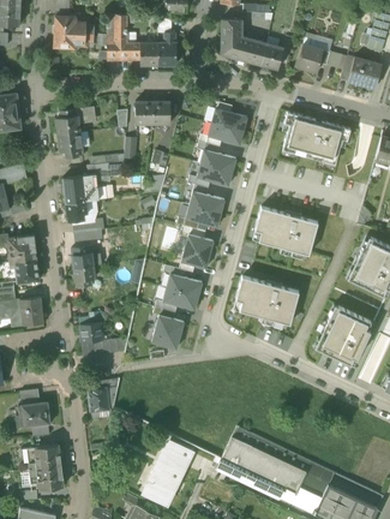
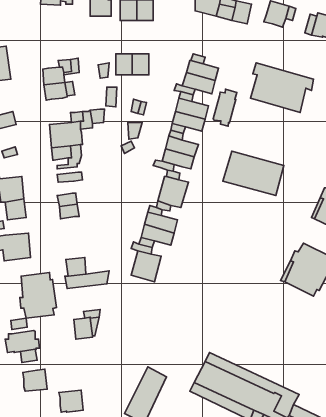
building: none -> [213,89,237,126]
building: [236,276,299,323] -> none
building: none -> [20,272,56,318]
building: [37,465,64,489] -> [59,390,83,412]

